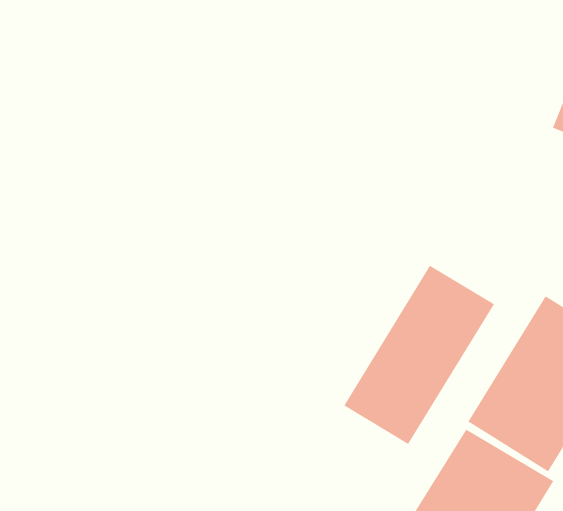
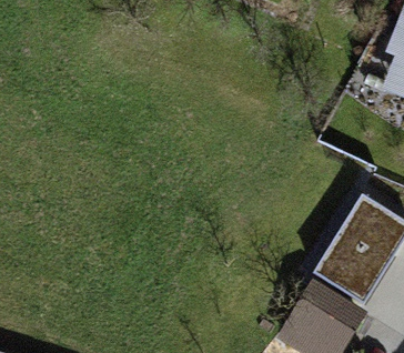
building: [343,265,495,445] -> none

